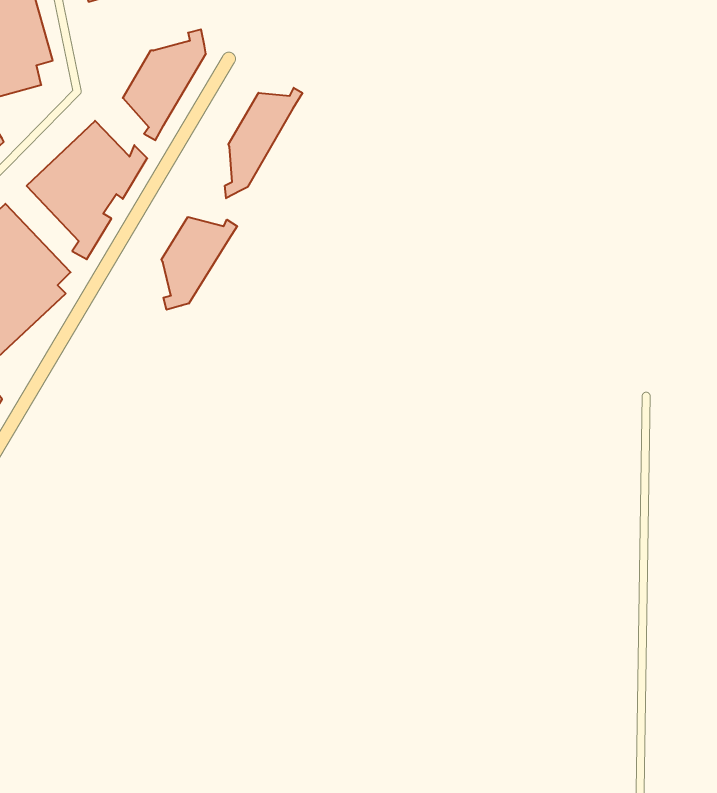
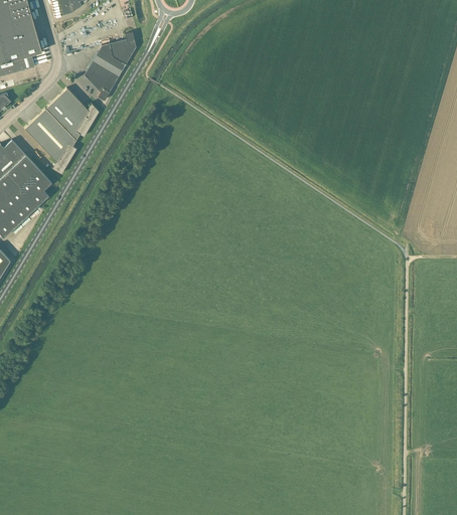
building: [225,88,302,198] -> none
building: [161,217,237,310] -> none

